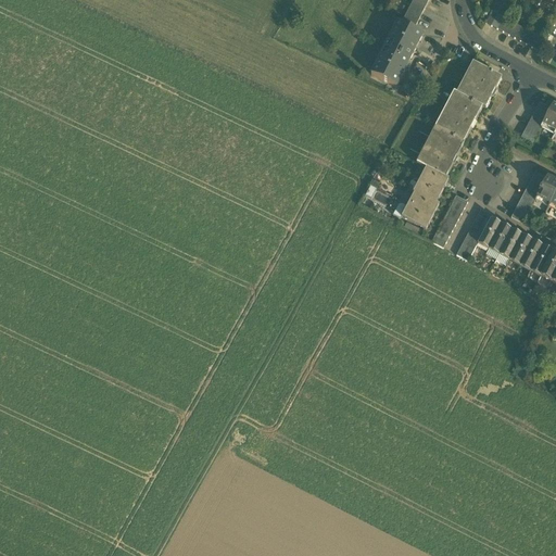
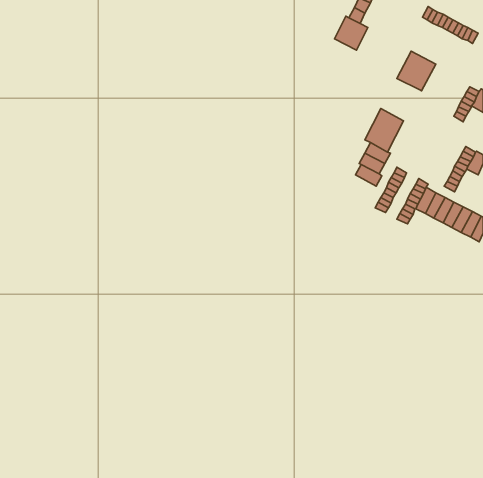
building: [371,45,409,83] -> none
building: [438,89,482,139] -> none
building: [393,200,432,226] -> none

